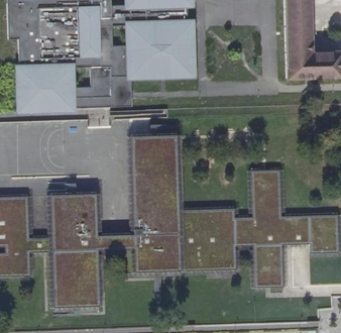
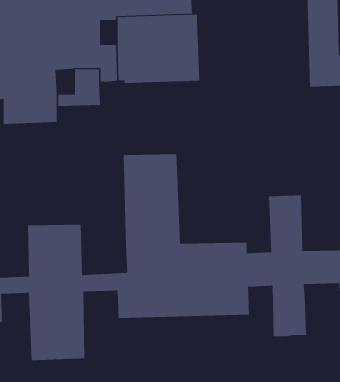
building: [77,75,133,107] -> none

